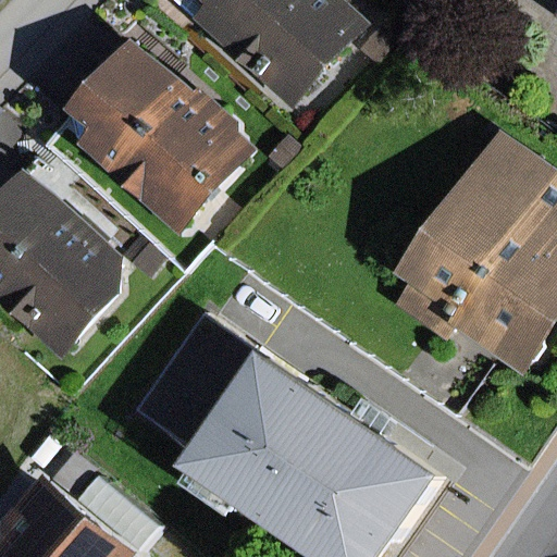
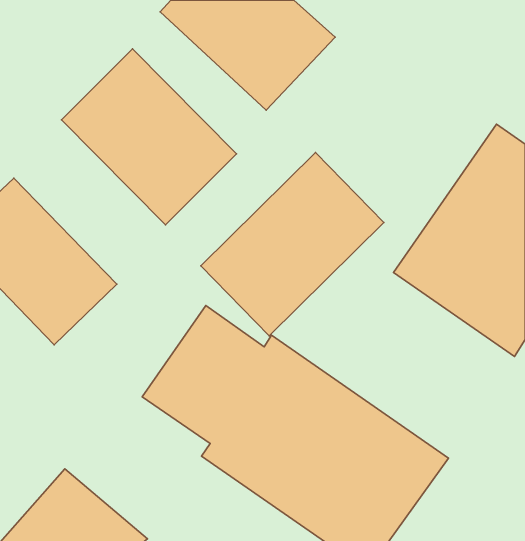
building: none -> [201,152,384,336]

